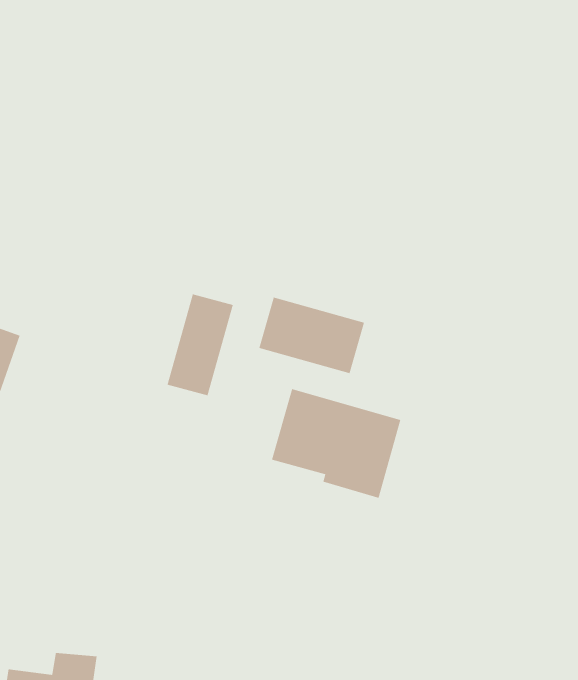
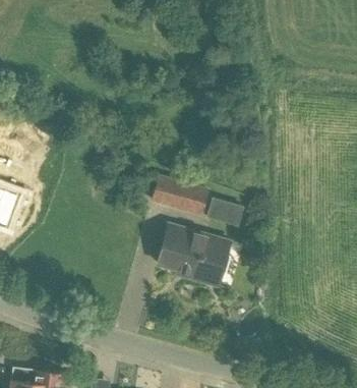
building: [167,293,234,396] -> none
building: none -> [206,197,244,225]

